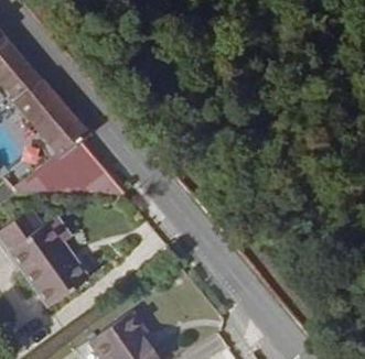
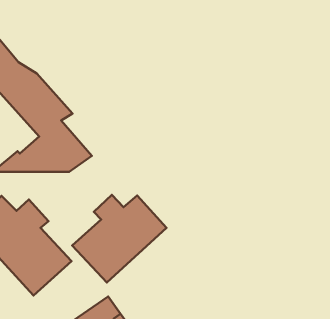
building: none -> [72,195,167,283]

